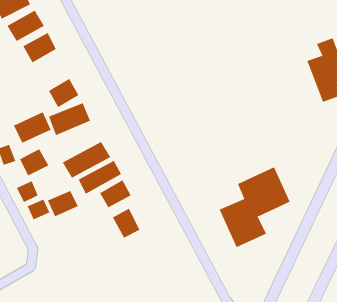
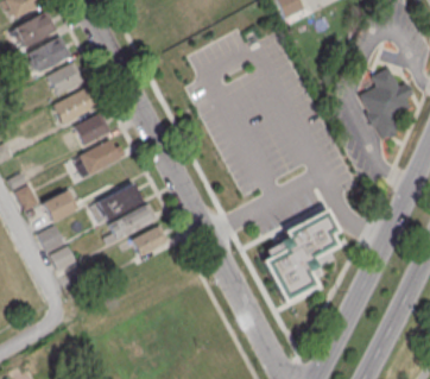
building: [13,112,52,144] -> [52,89,95,125]
building: [47,190,79,217] -> none
building: [112,208,140,239] -> none

